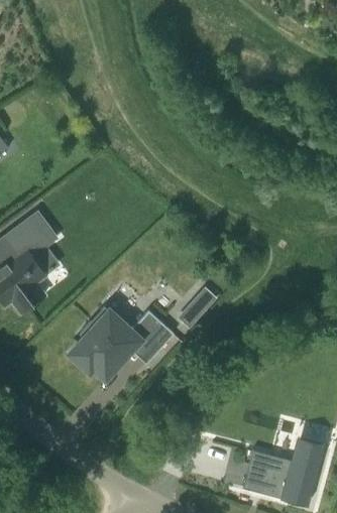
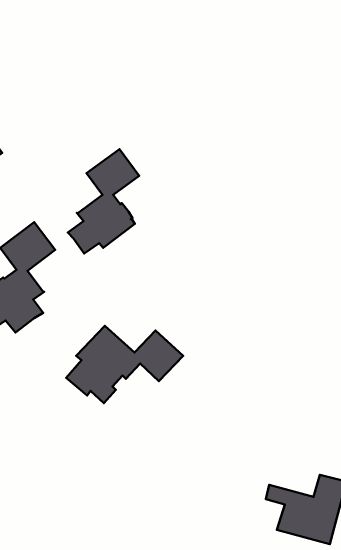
building: none -> [68,149,139,253]
building: [183,284,223,327] -> none

